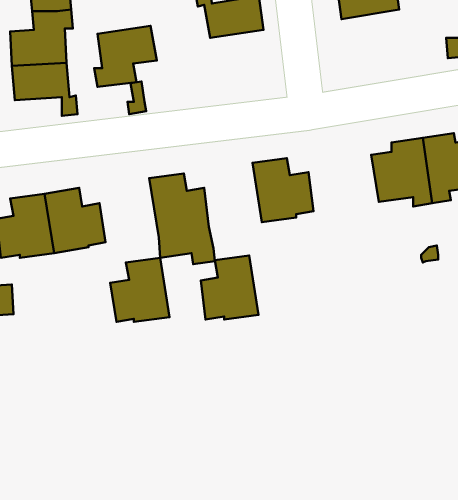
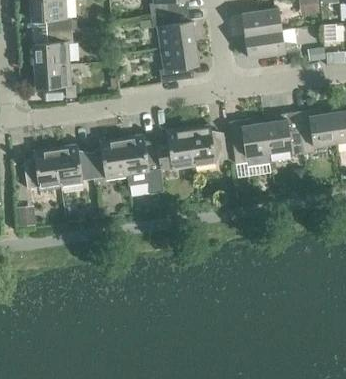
building: none -> [245,30,297,58]
building: [94,26,157,87] -> [159,43,199,82]
building: none -> [229,119,270,167]
building: [201,256,259,320] -> [157,128,194,169]
building: [110,258,170,322] -> [90,138,128,179]

